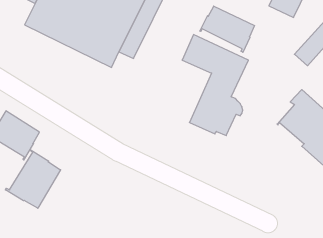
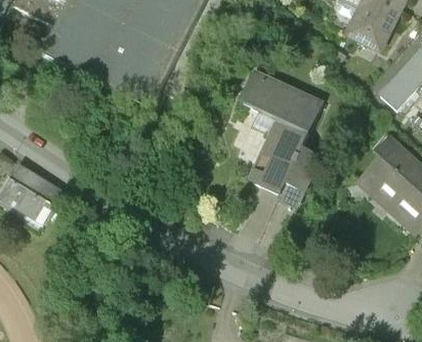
building: [200,6,255,52] -> none
building: [5,149,61,208] -> none

